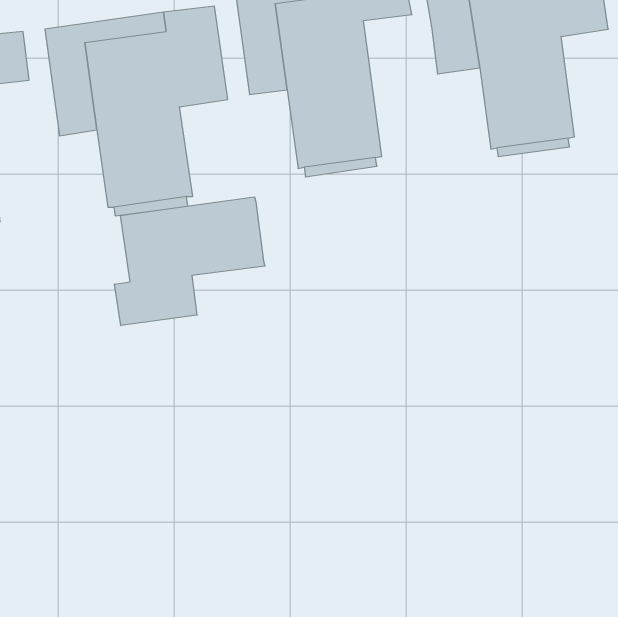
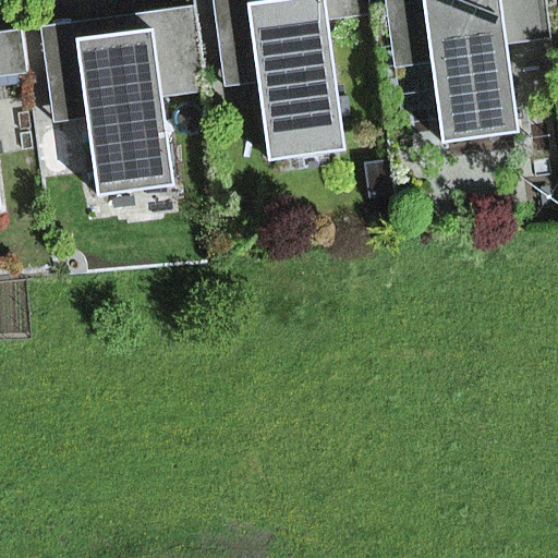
building: [114,197,265,326] -> none

